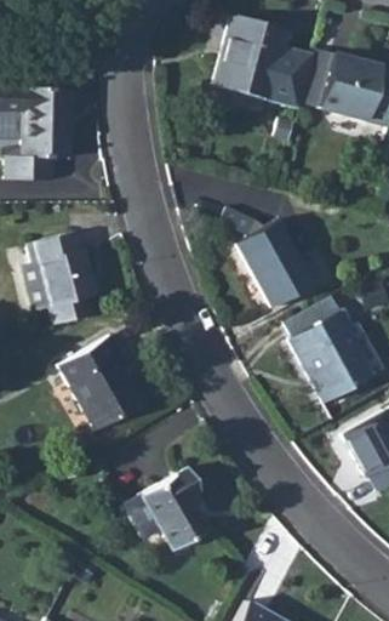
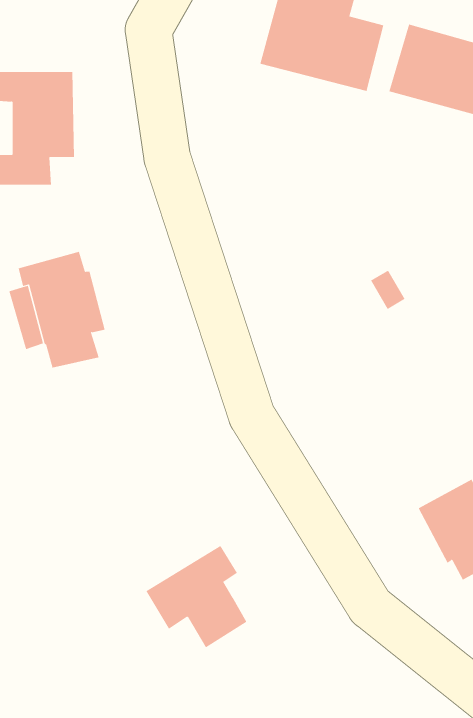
building: [236,220,314,307] -> none
building: [288,310,371,403] -> none
building: [62,334,143,426] -> none

